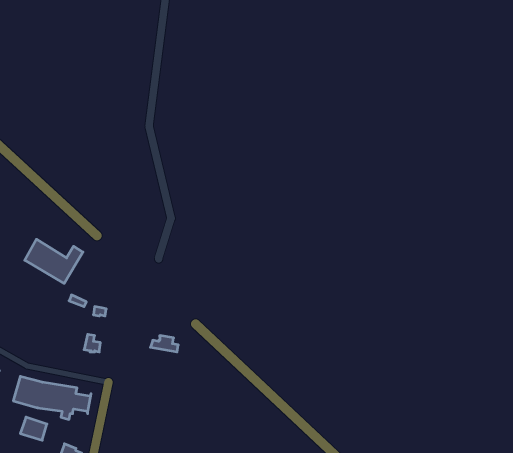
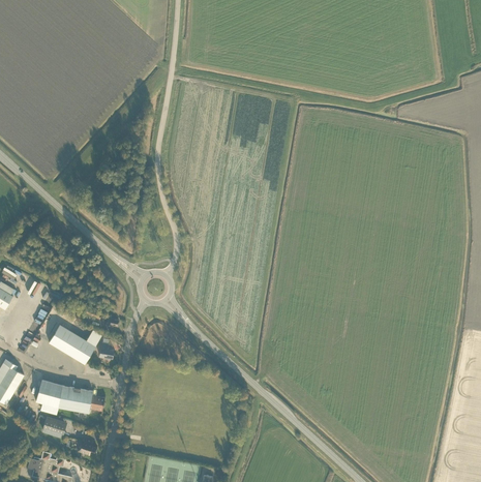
building: [25,239,83,283] -> [49,324,100,363]

